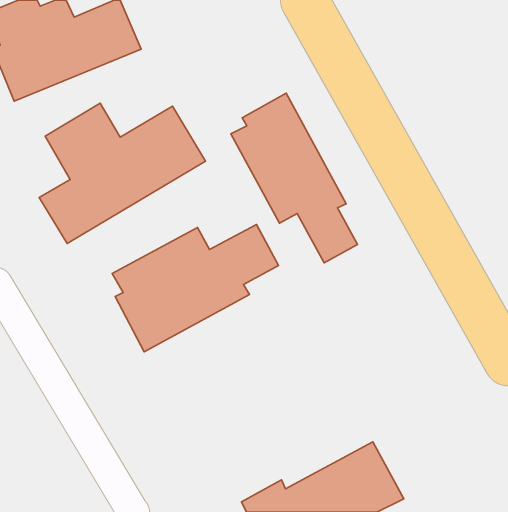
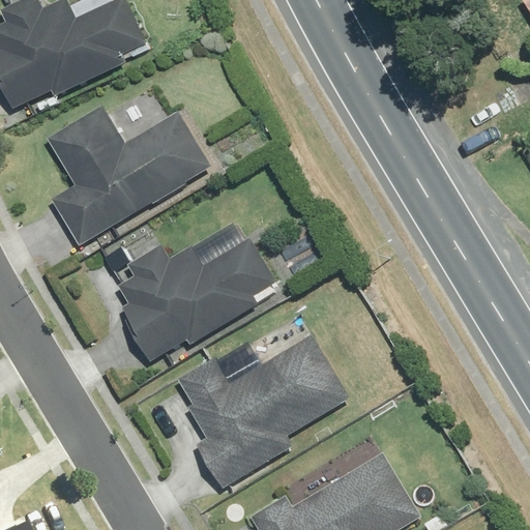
building: [231,93,357,263] -> none
building: none -> [172,333,346,484]

